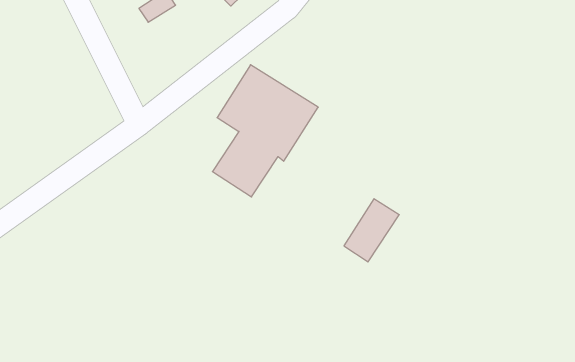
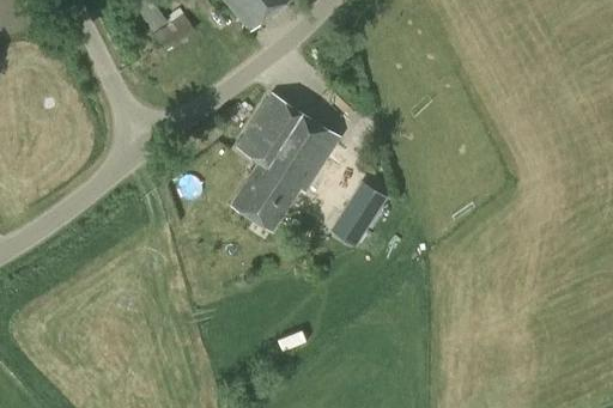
building: [344,199,399,262] -> [329,182,387,248]

